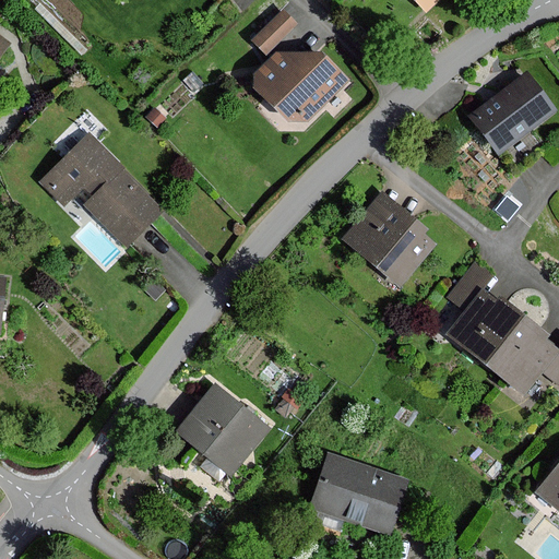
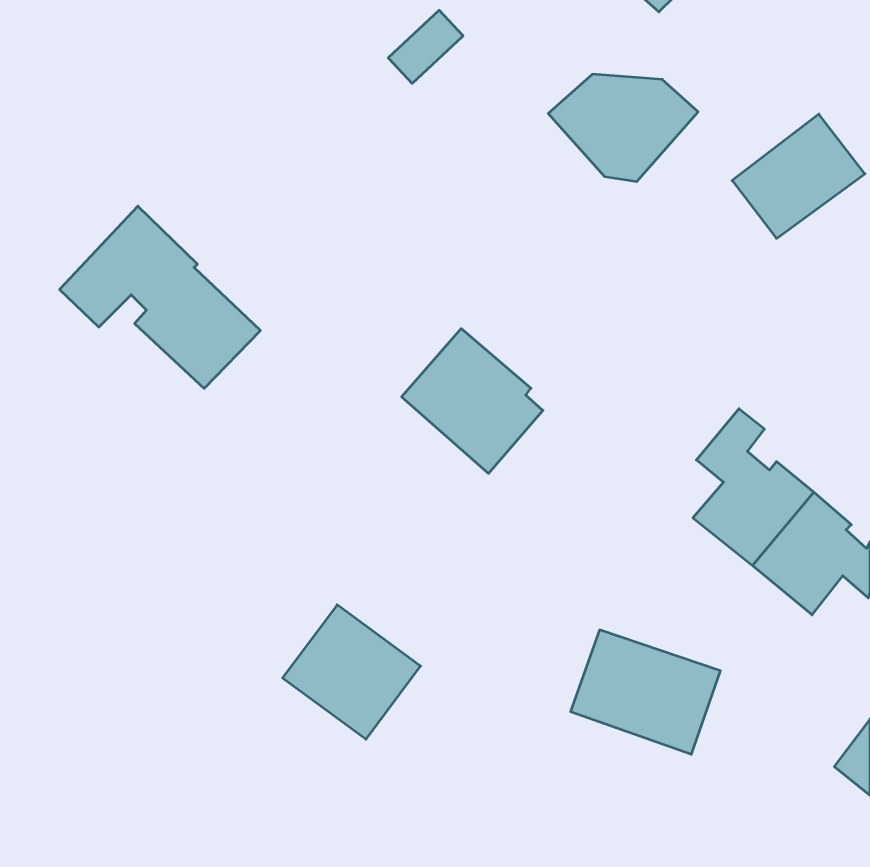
building: [247,51,343,120] -> [548,74,698,182]
building: [342,191,432,284] -> [402,329,543,473]
building: [309,453,405,533] -> [571,630,720,754]

